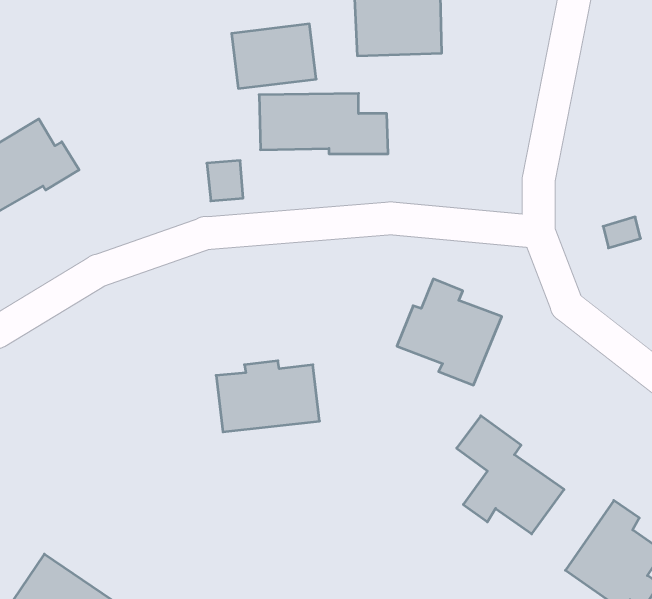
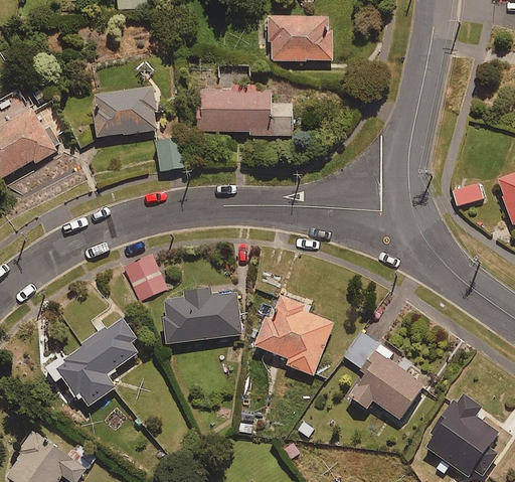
building: [232,24,316,88] -> [94,88,157,136]
building: [397,279,502,385] -> [255,295,334,374]
building: none -> [125,256,166,299]
building: none -> [47,315,138,409]

